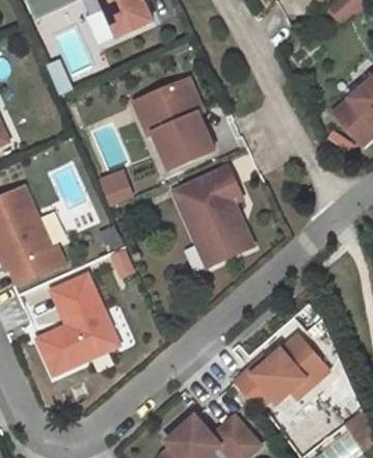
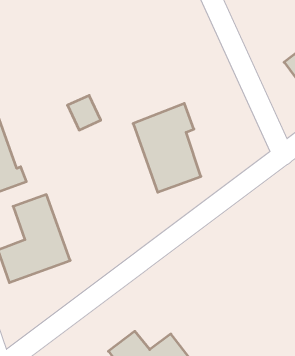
building: [134,78,215,171] -> none
building: [236,335,328,409] -> none

